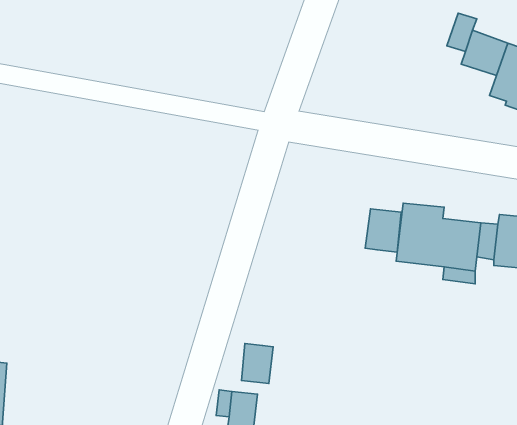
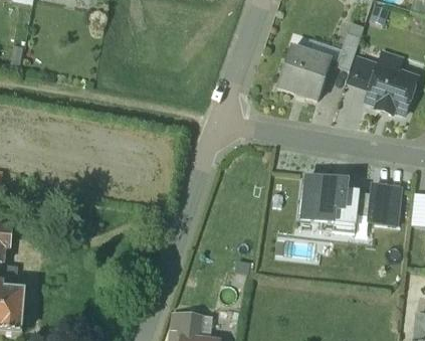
building: none -> [277,46,330,99]
building: [365,209,401,252] -> none
building: [241,344,273,383] -> none

